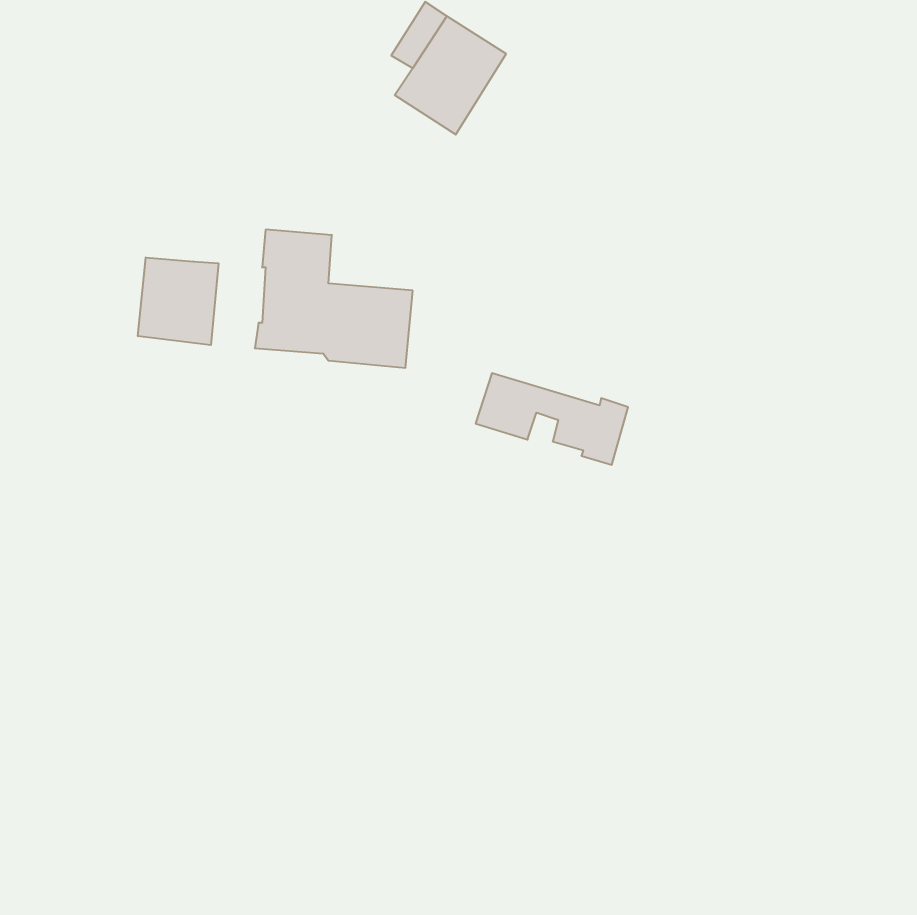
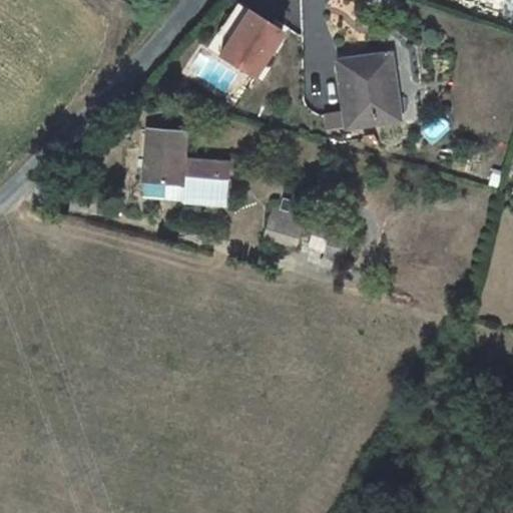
building: none -> [338,52,400,126]
building: [138,257,218,345] -> none

